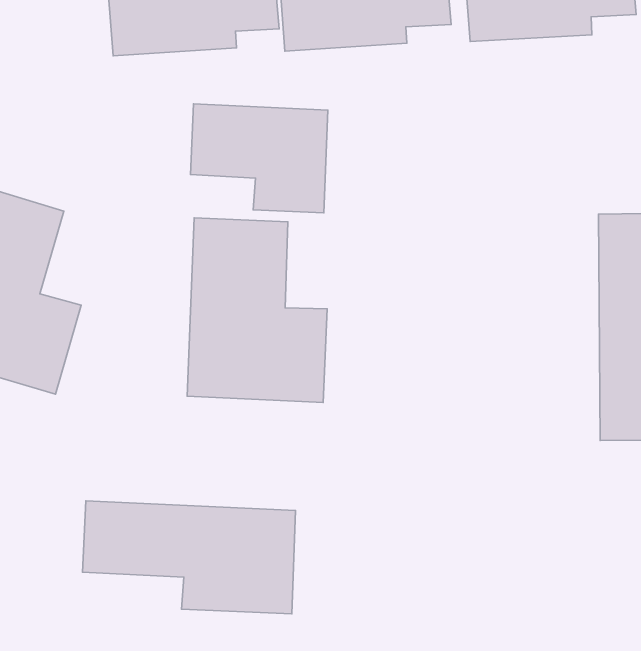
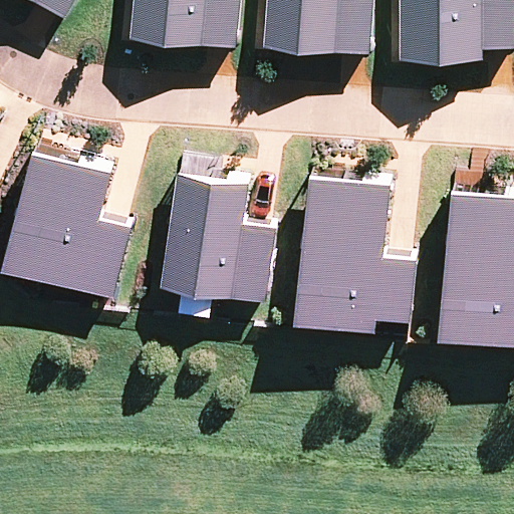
building: [191,104,328,213] -> none
building: none -> [296,171,411,325]
building: [83,501,296,614] -> none

